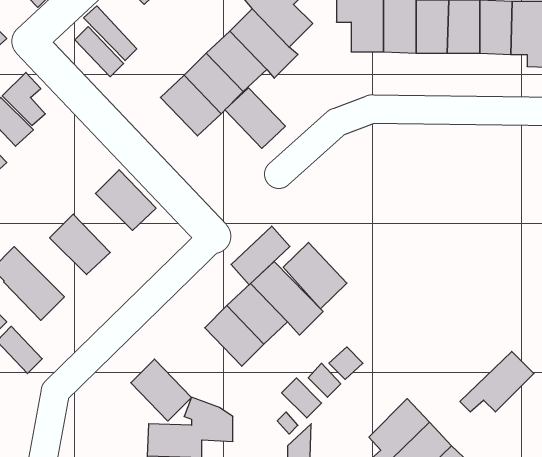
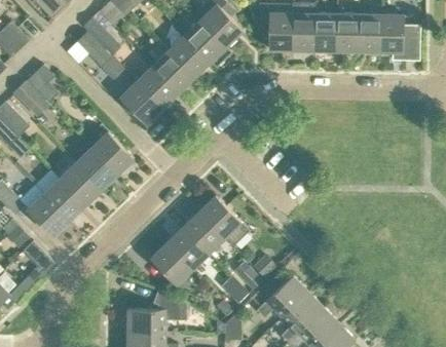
building: [225,88,285,148] -> [120,81,162,123]
building: none -> [76,148,117,189]
building: [231,226,290,285] -> none
building: none -> [44,179,85,220]
building: [283,242,347,309] -> none
building: [460,351,534,412] -> [257,275,308,317]
building: [131,359,191,421] -> [151,241,193,284]

